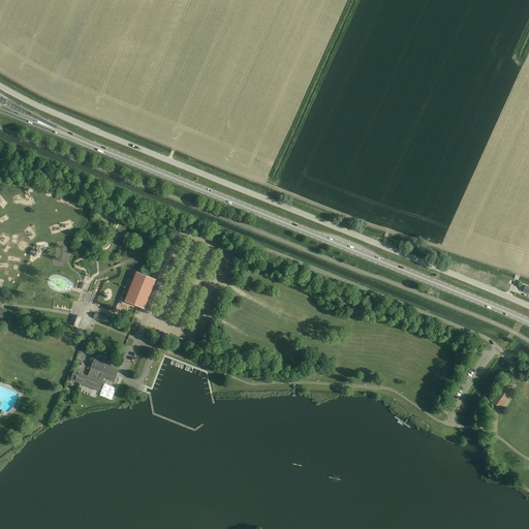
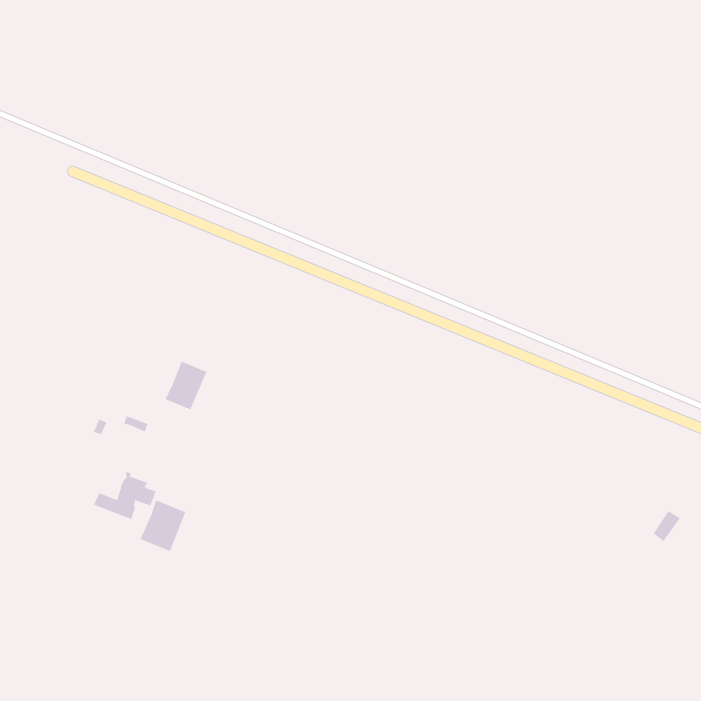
building: none -> [140,499,186,552]

